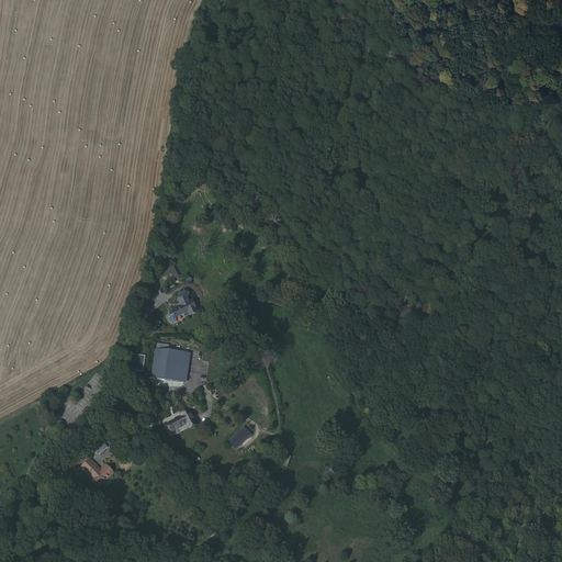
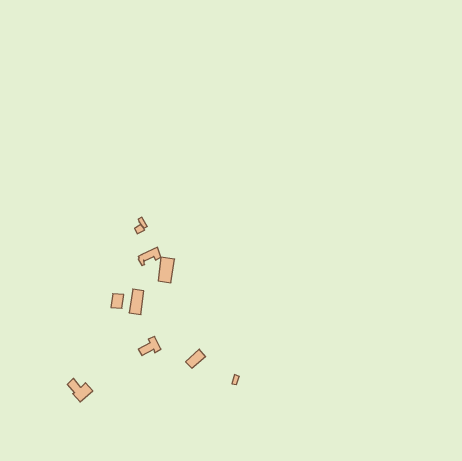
building: [170,351,190,382] -> [158,257,175,283]

